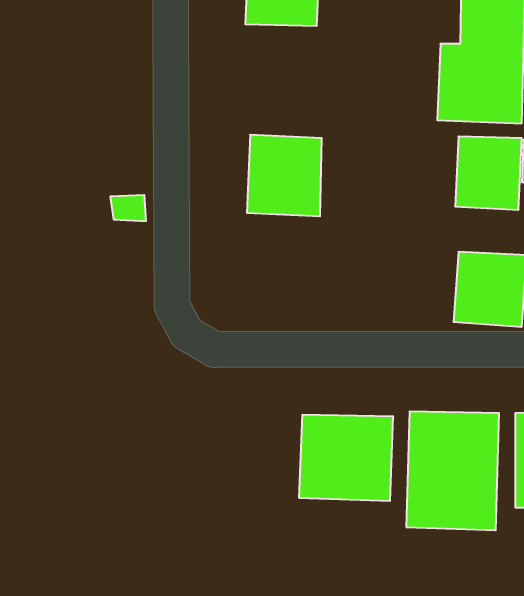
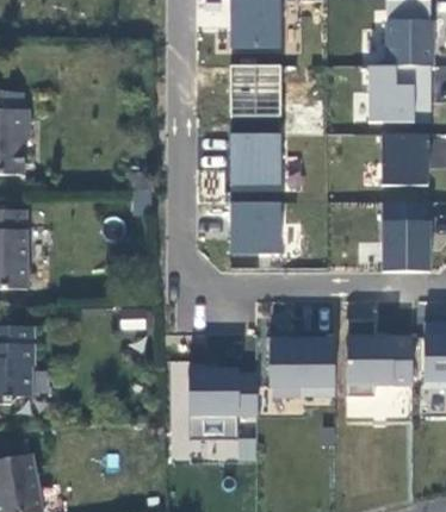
building: none -> [228,62,281,115]
building: none -> [229,198,285,254]
building: none -> [168,363,256,461]

